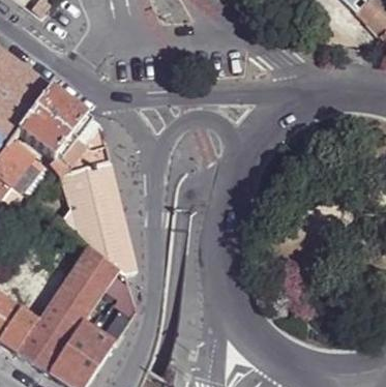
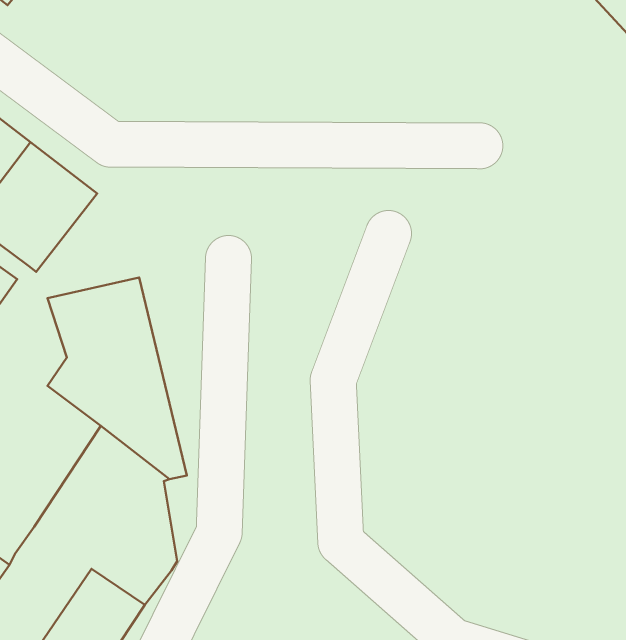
building: [51,115,110,172] -> none

